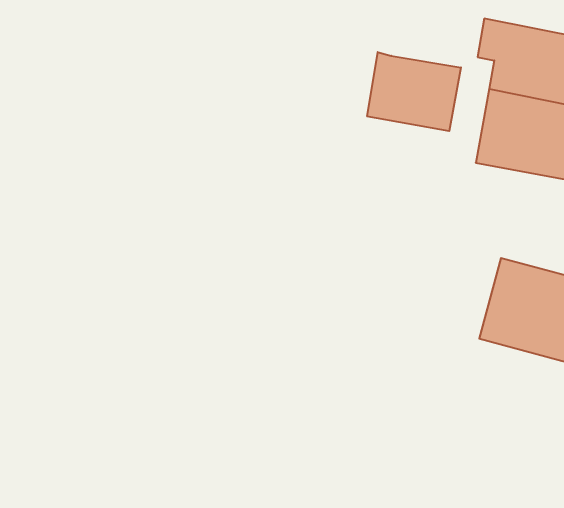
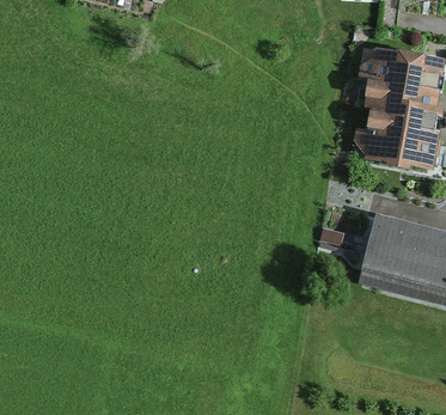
building: [367,52,461,131] -> none

